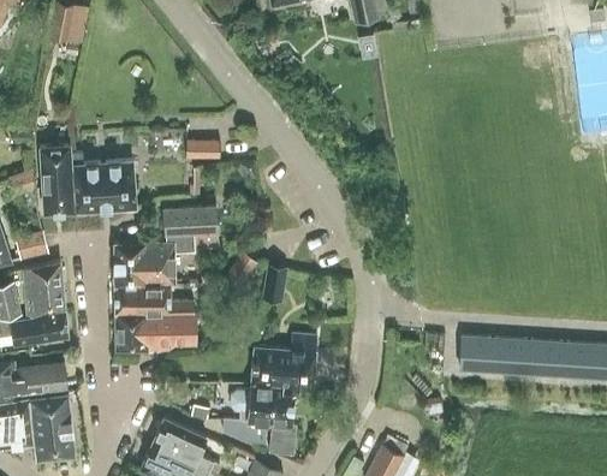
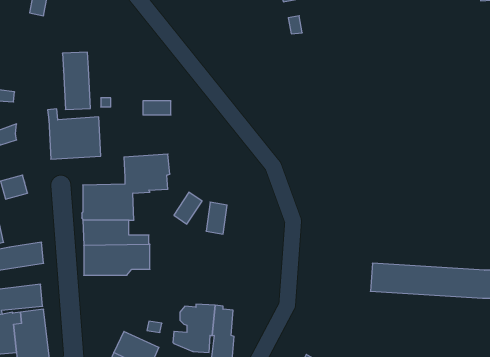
building: [40,145,73,214] -> [62,52,90,109]
building: [23,262,65,317] -> none
building: [250,337,316,389] -> none

